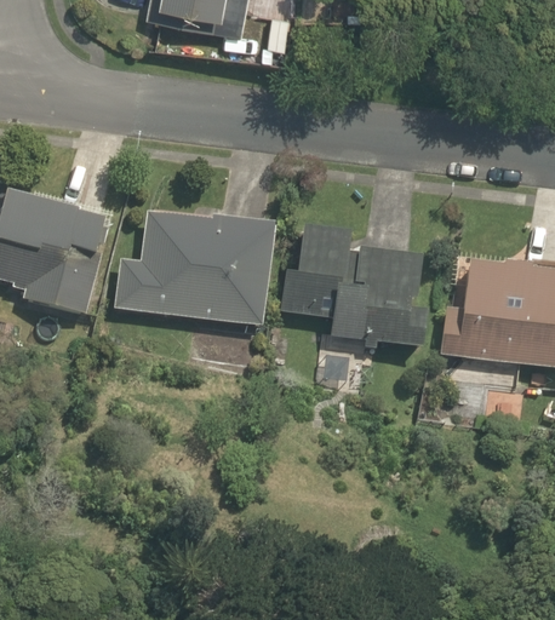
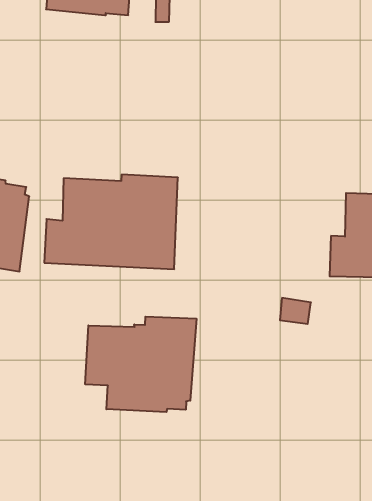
building: [280,224,427,346] -> none
building: none -> [85,317,196,412]

